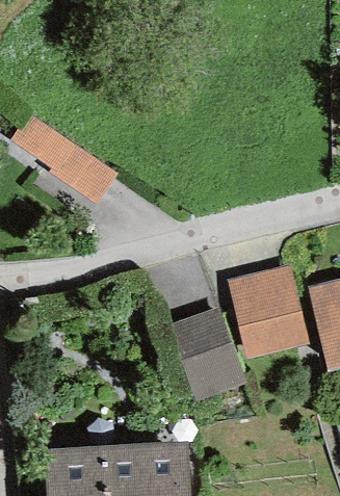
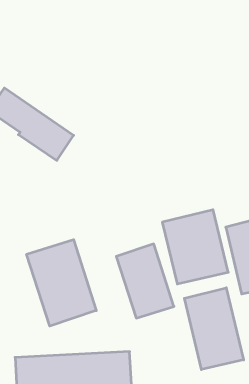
building: none -> [27,240,96,326]
building: none -> [184,288,244,370]

